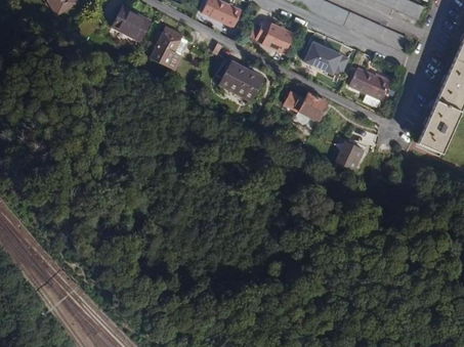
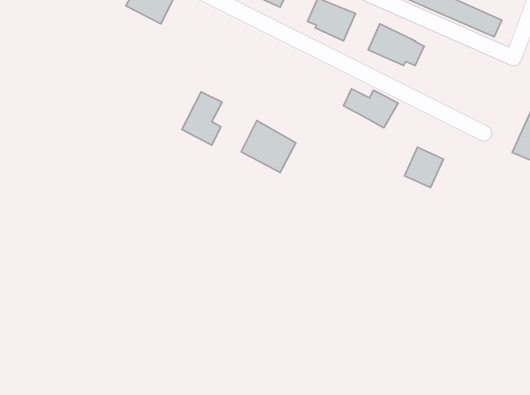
building: [150,27,181,69] -> [182,92,222,145]
building: [219,59,262,100] -> [241,121,296,173]
building: [349,67,388,98] -> none

